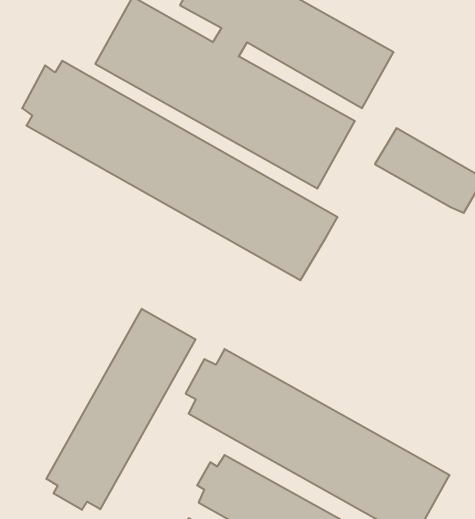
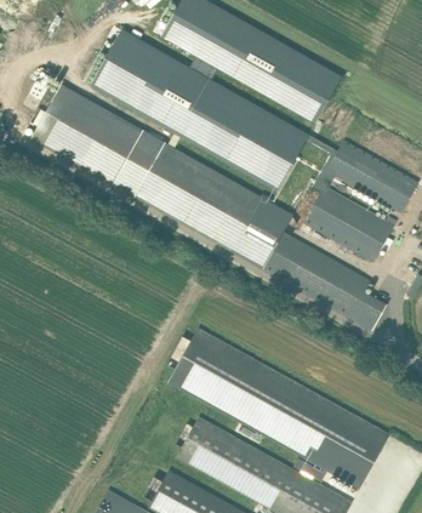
building: none -> [306,187,395,262]
building: none -> [264,233,388,330]
building: [46,309,195,510] -> none

